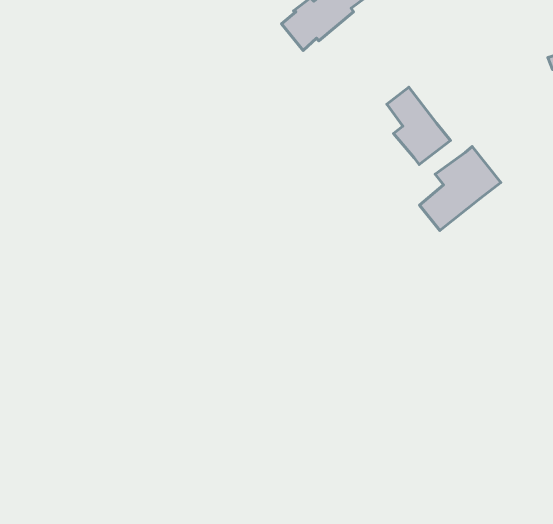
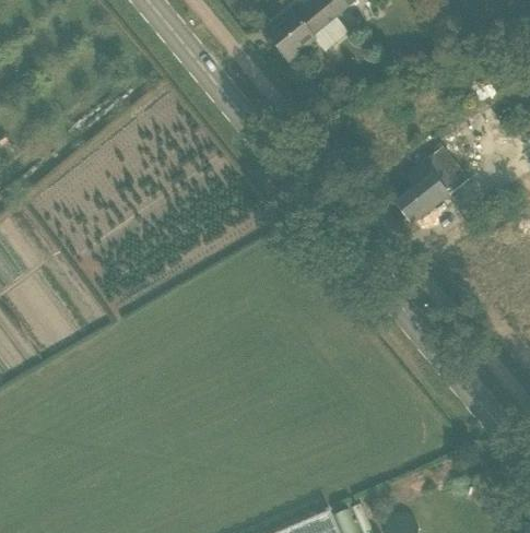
building: [387,87,450,165] -> none

